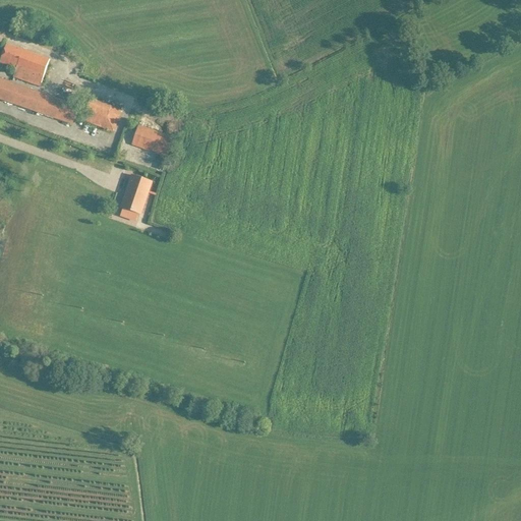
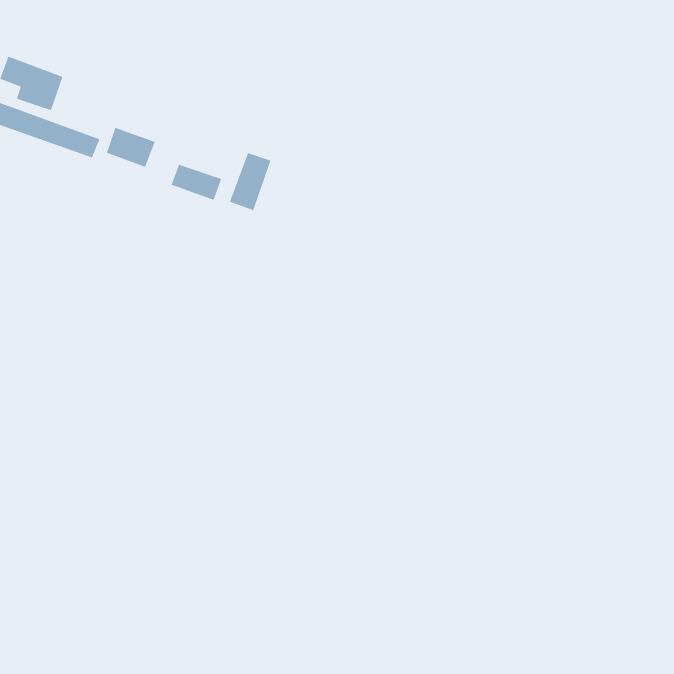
building: none -> [229,152,271,211]
building: [119,174,152,215] -> none

